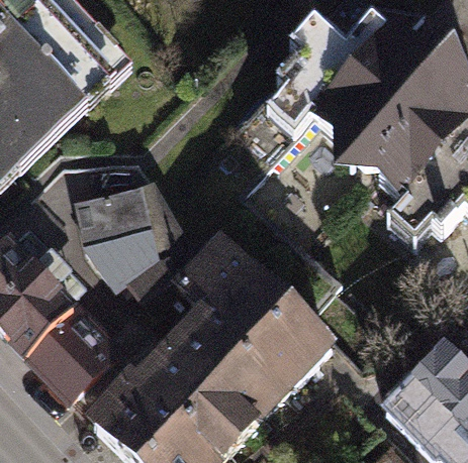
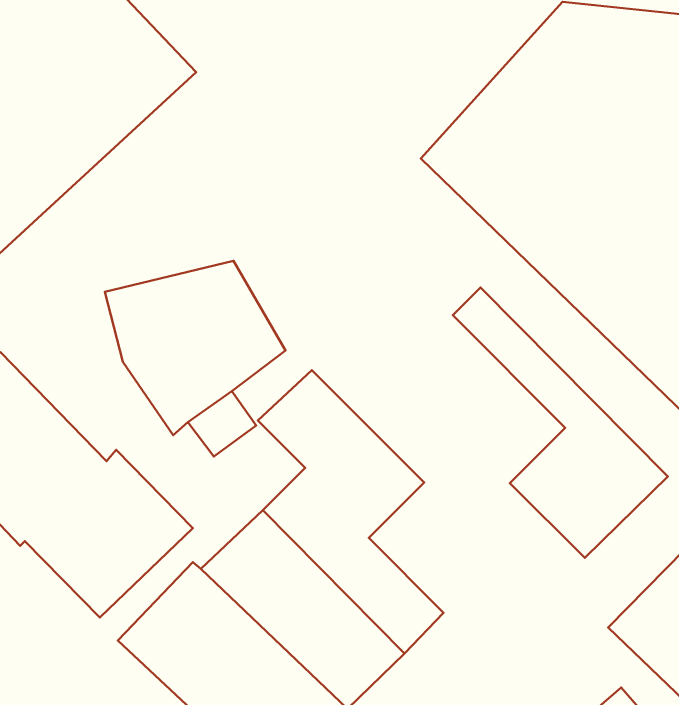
building: [201,229,335,396] -> [453,288,668,558]

